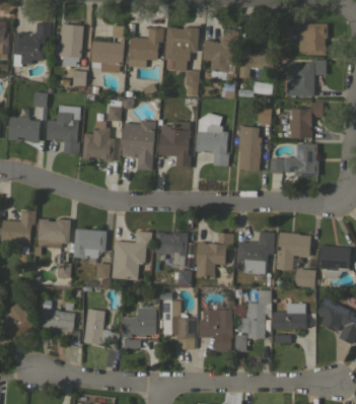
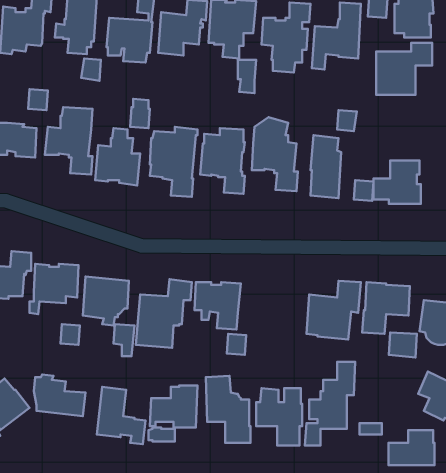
building: [289,103,323,138] -> none
building: [196,232,233,278] -> none
building: [272,304,305,329] -> [389,430,435,465]

